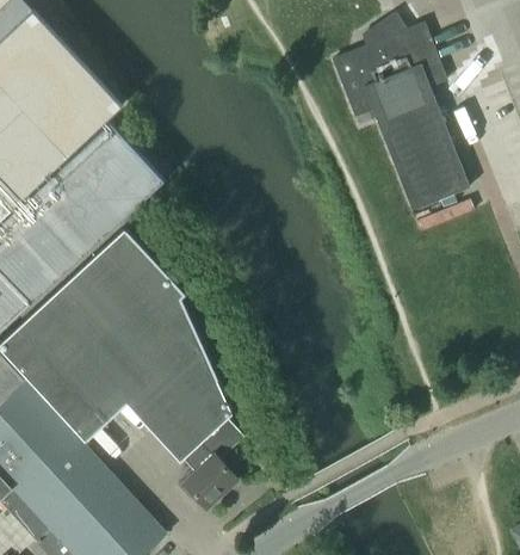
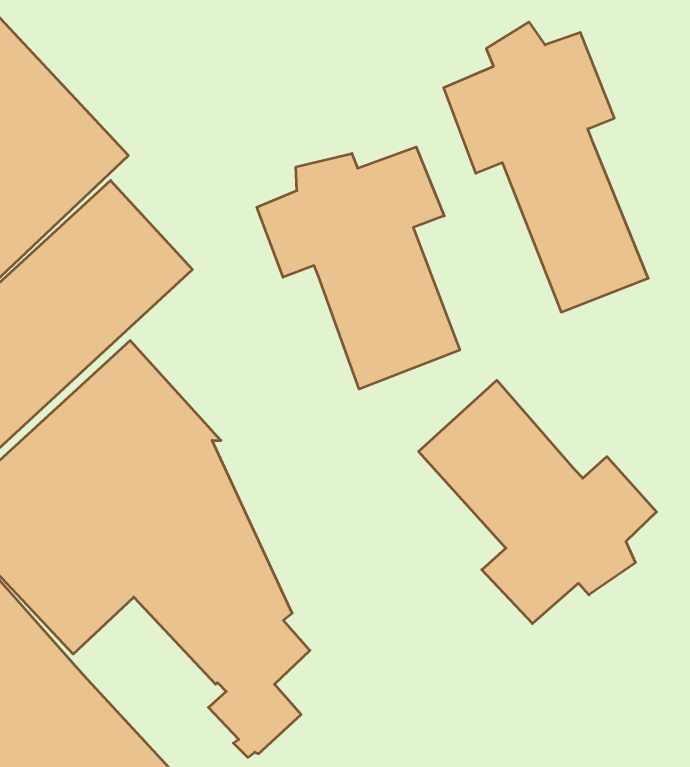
building: none -> [257,147,460,389]
building: none -> [419,380,657,624]

